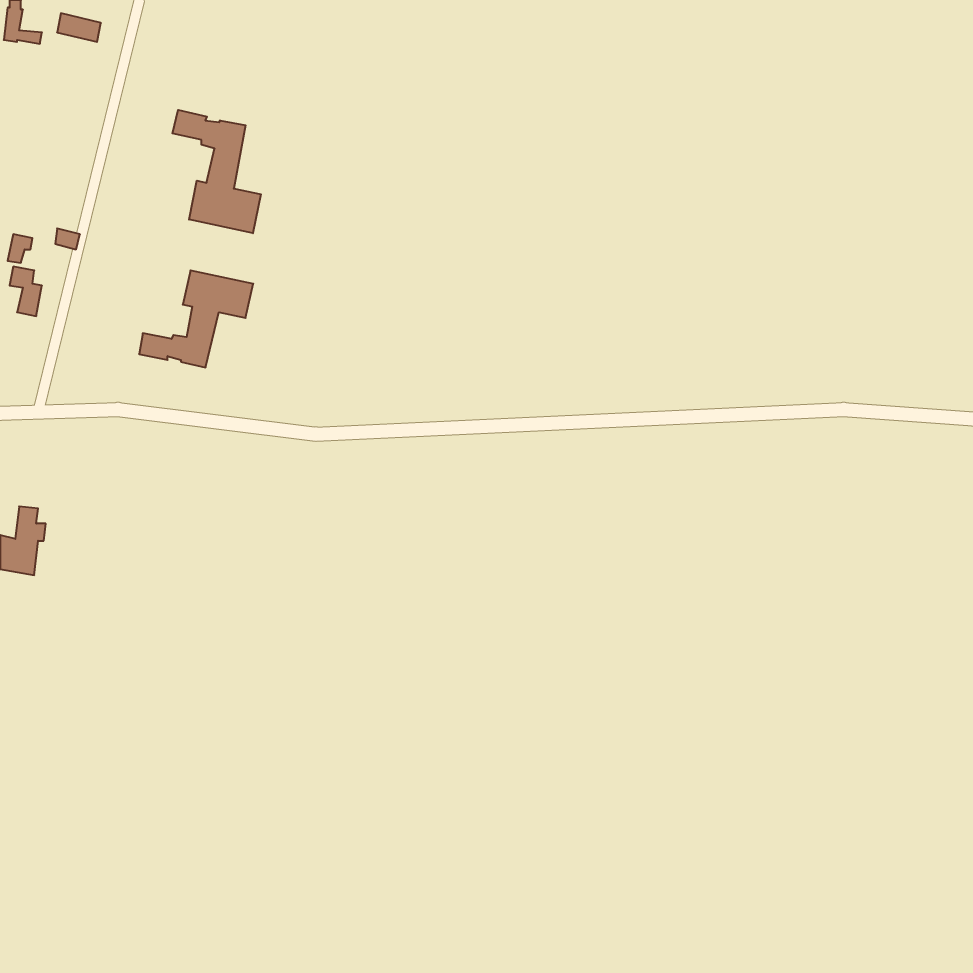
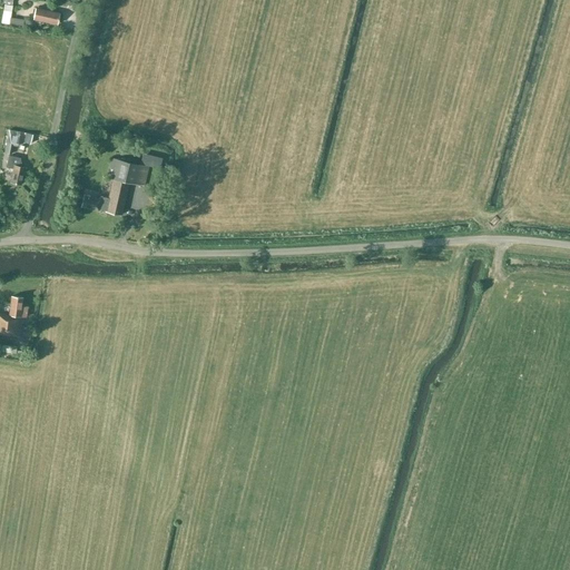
building: [172,110,261,233] -> none

